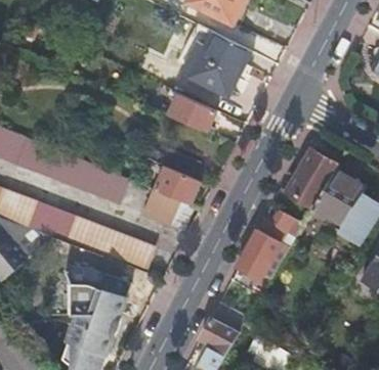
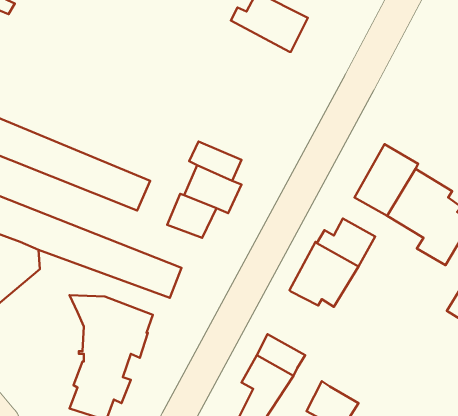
building: [180,53,237,96] -> none
building: [168,94,217,132] -> none

